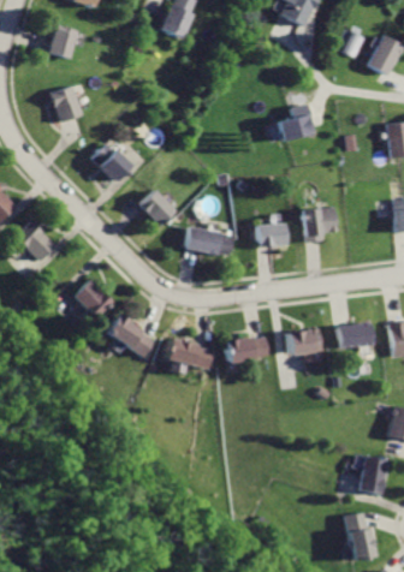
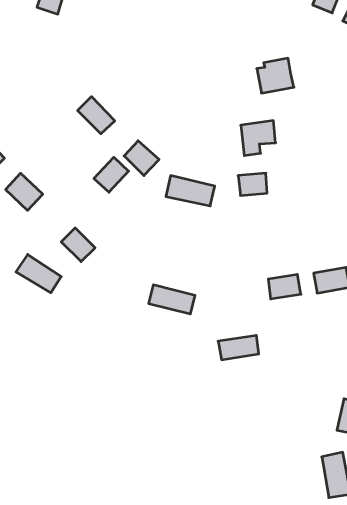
building: [53,88,84,121] -> none
building: [304,207,340,243] -> [241,121,276,156]
building: none -> [94,157,129,192]
building: [107,317,154,357] -> [16,254,61,293]
building: [228,335,271,361] -> [218,335,259,360]

